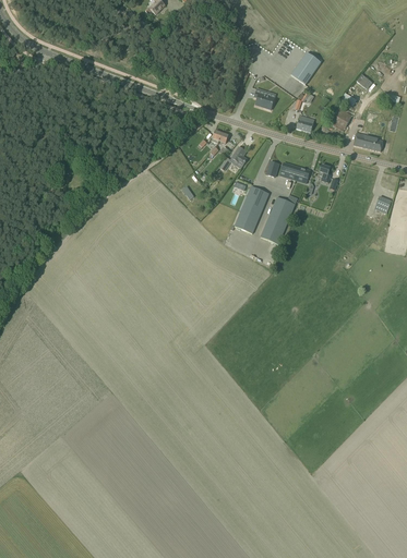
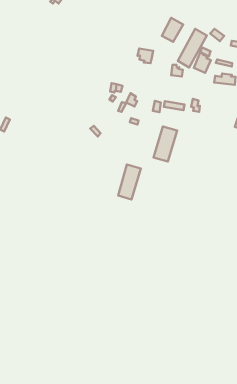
building: none -> [178,29,207,67]
building: [235,185,270,233] -> [118,165,141,200]

